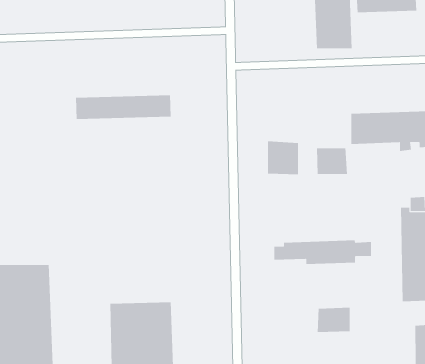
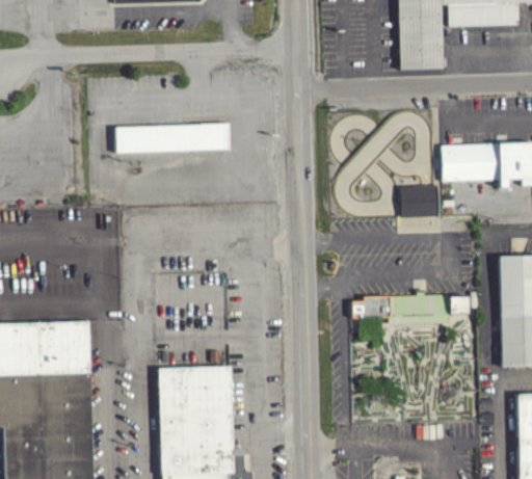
building: [268,140,298,175] -> none
building: [317,307,350,333] -> none

